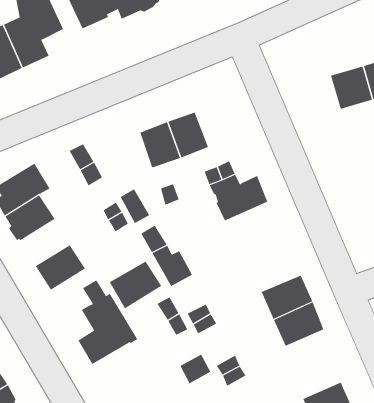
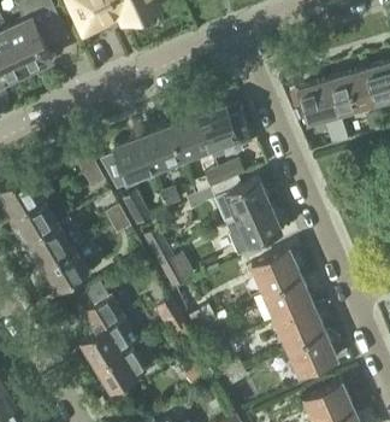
building: none -> [299,81,341,124]
building: none -> [197,106,252,159]
building: none -> [101,137,155,189]
building: none -> [226,206,282,257]
building: none -> [24,223,73,270]
building: none -> [250,251,302,295]
building: [109,260,162,309] -> [95,346,148,394]
building: none -> [286,333,337,377]

